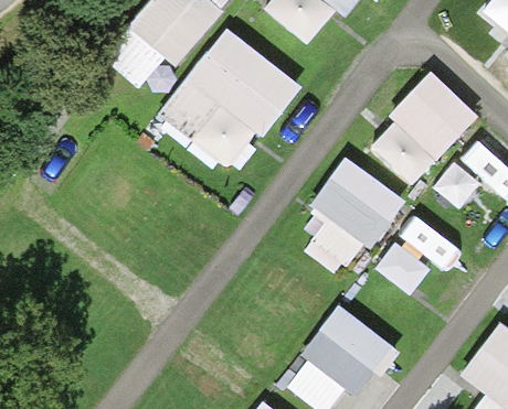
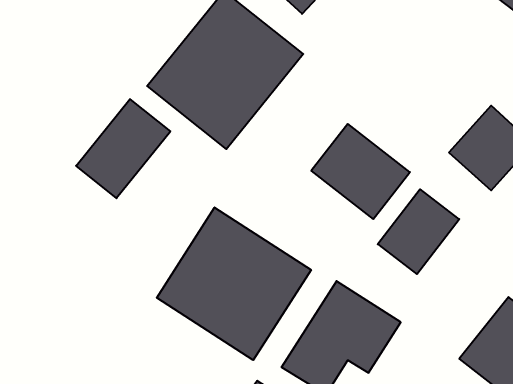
building: [366,72,478,186] -> none
building: none -> [76,99,170,198]
building: none -> [157,207,311,360]

